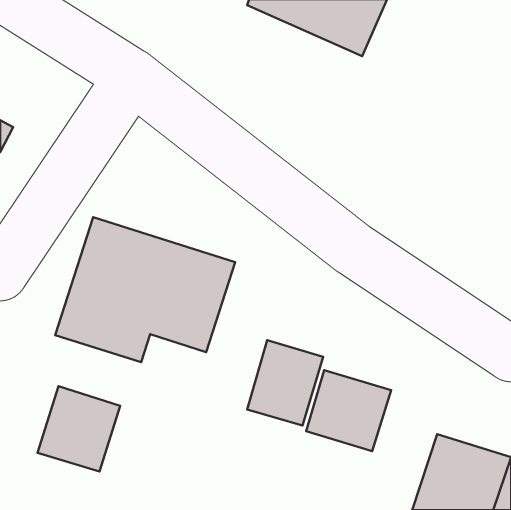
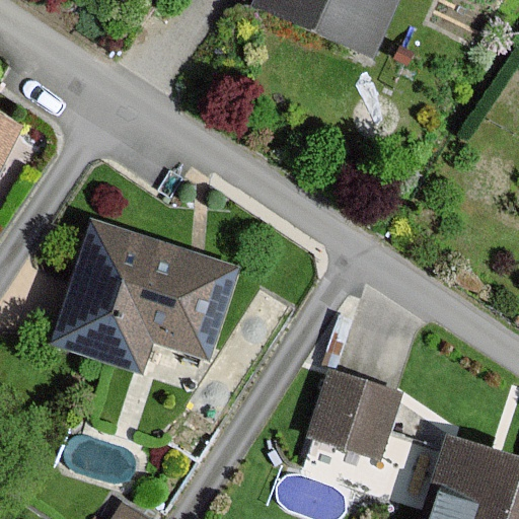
building: [247,340,323,426] -> none
building: [38,386,120,472] -> none

